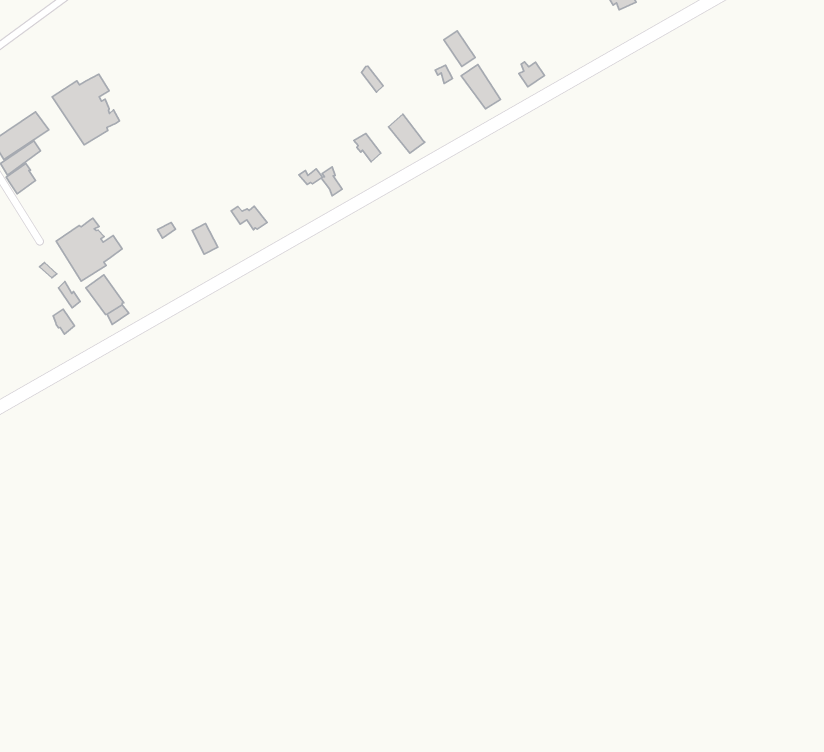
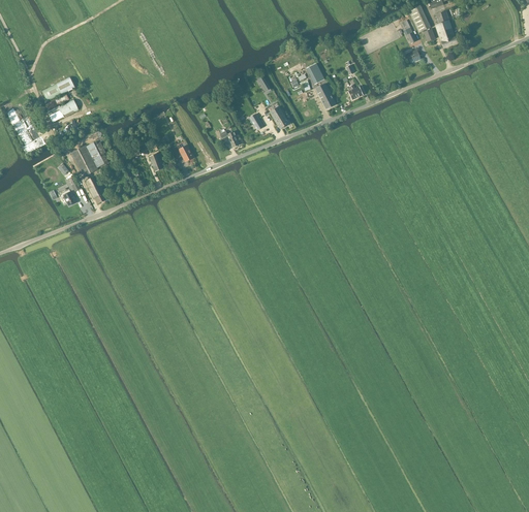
building: [52,74,120,145] -> none

